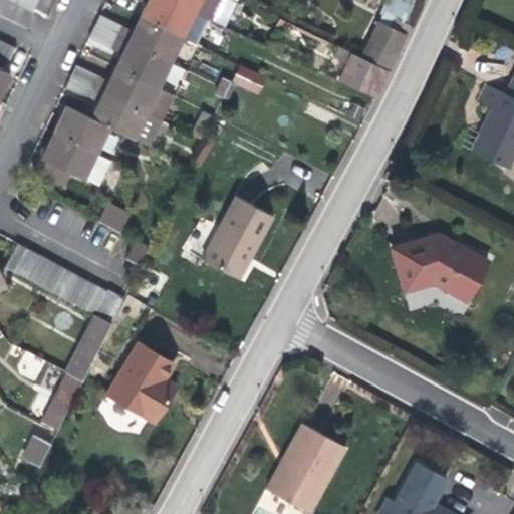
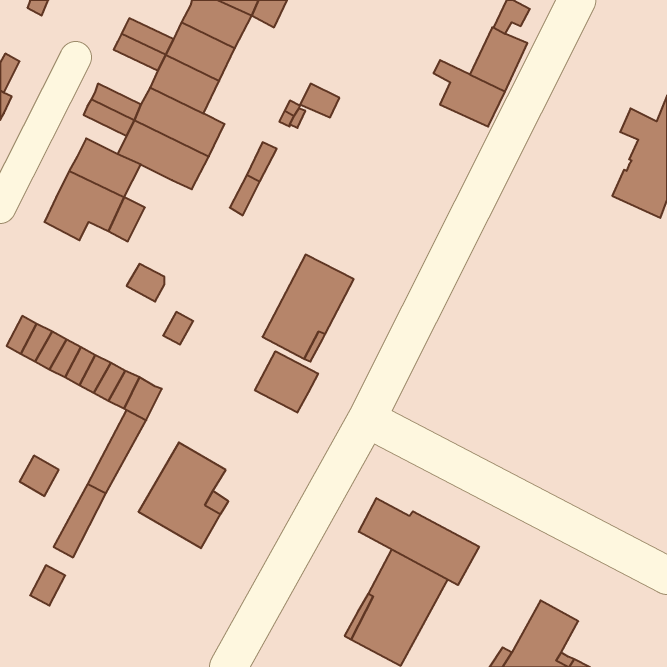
building: [391,233,487,300] -> none
building: none -> [255,351,318,413]
building: none -> [359,498,479,585]

